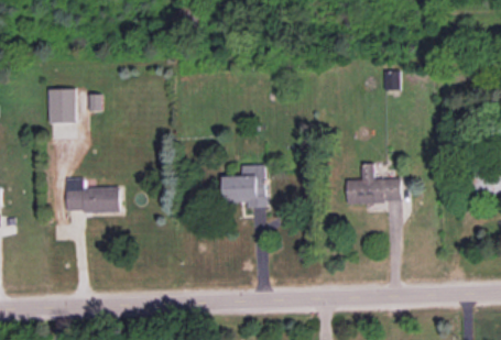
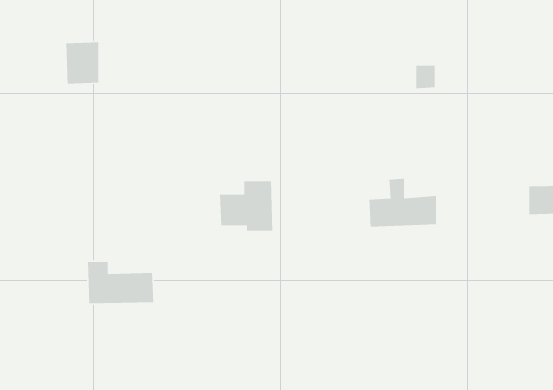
building: [48,88,76,123] -> [66,42,99,85]
building: [65,177,120,212] -> [87,261,154,304]

